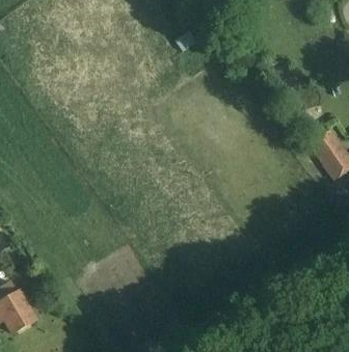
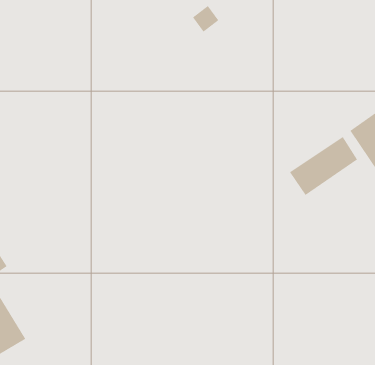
building: none -> [289,136,358,196]

